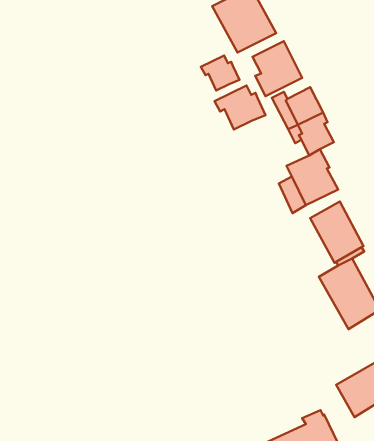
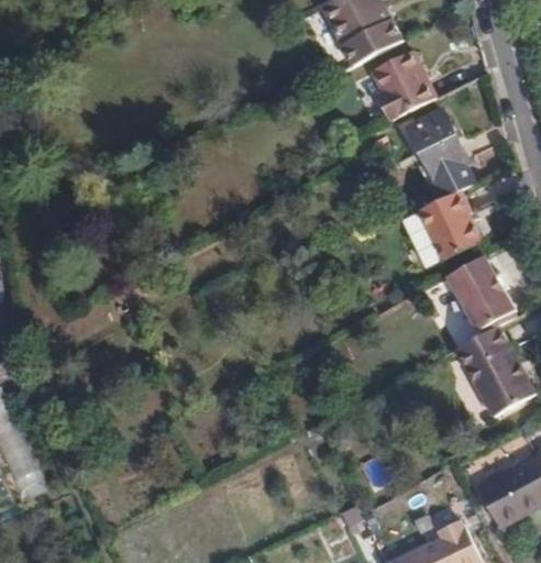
building: [201,55,240,90] -> none
building: [215,85,266,130] -> none

